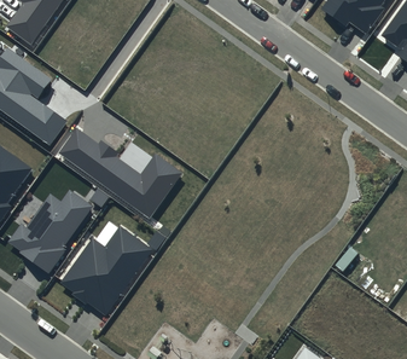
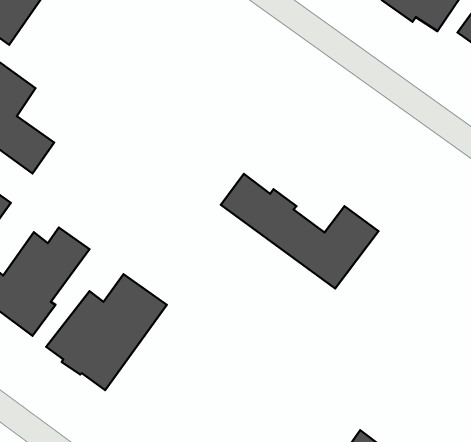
building: [59,128,182,218] -> [221,174,378,288]

